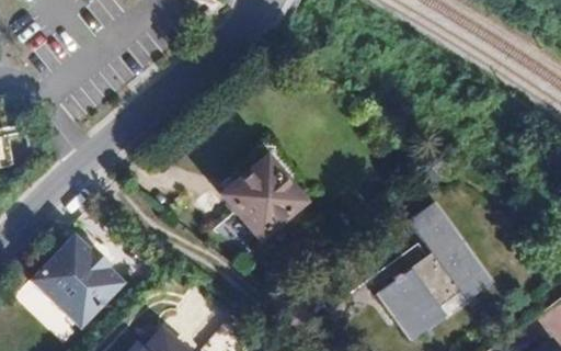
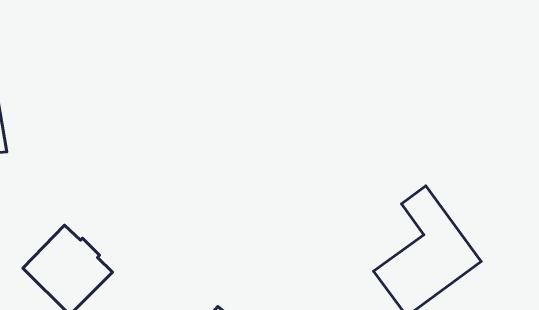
building: [219,158,297,235] -> none

